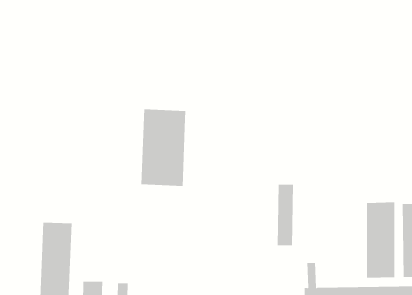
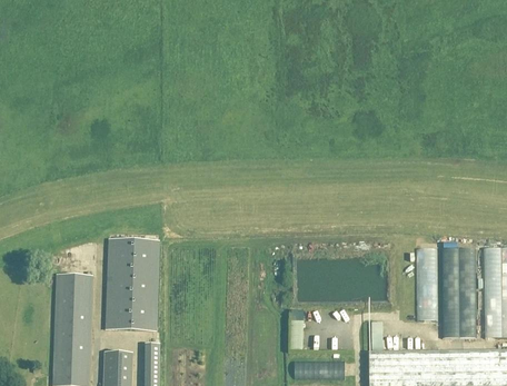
building: [141,109,186,186] -> [105,238,159,330]
building: [277,184,294,246] -> [417,249,437,323]

